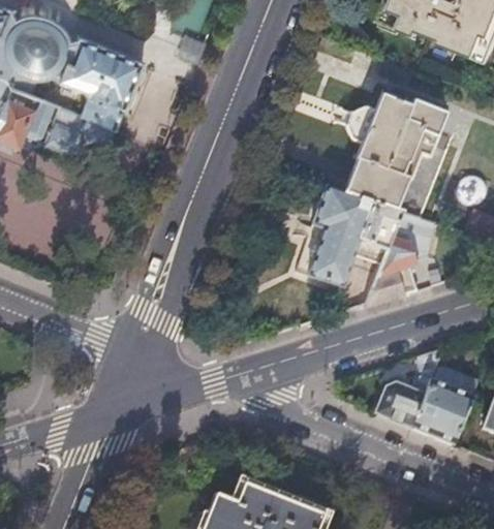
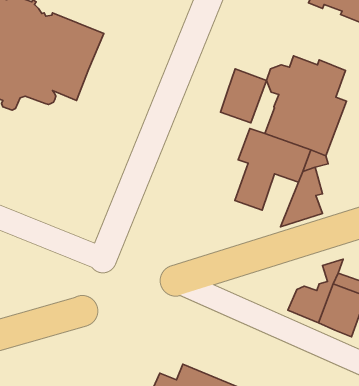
building: none -> [221,69,266,123]

